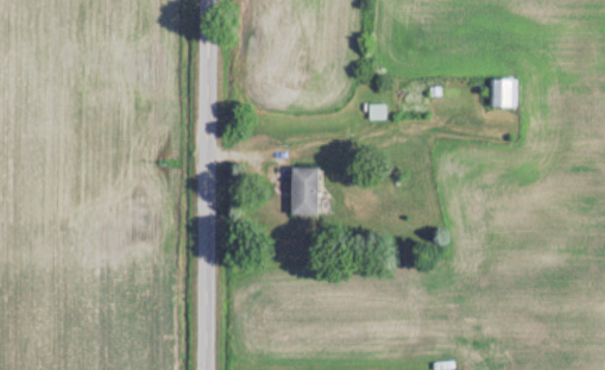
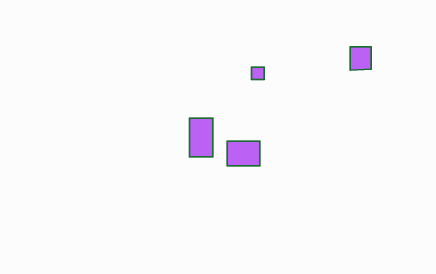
building: none -> [227,141,260,166]

